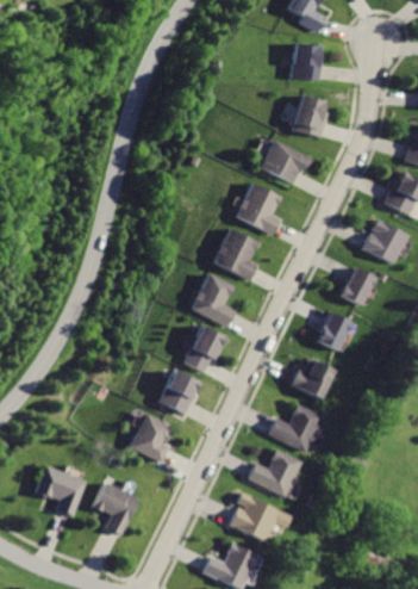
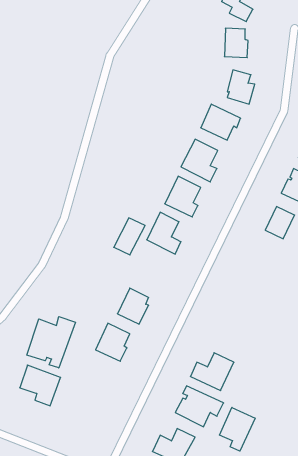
building: [322,311,356,351] -> none
building: [183,324,223,371] -> [114,218,145,255]
building: [294,359,337,397] -> none
building: none -> [27,317,76,368]
building: [269,405,324,451] -> none
building: [94,483,138,537] -> none
building: none -> [220,407,255,451]

